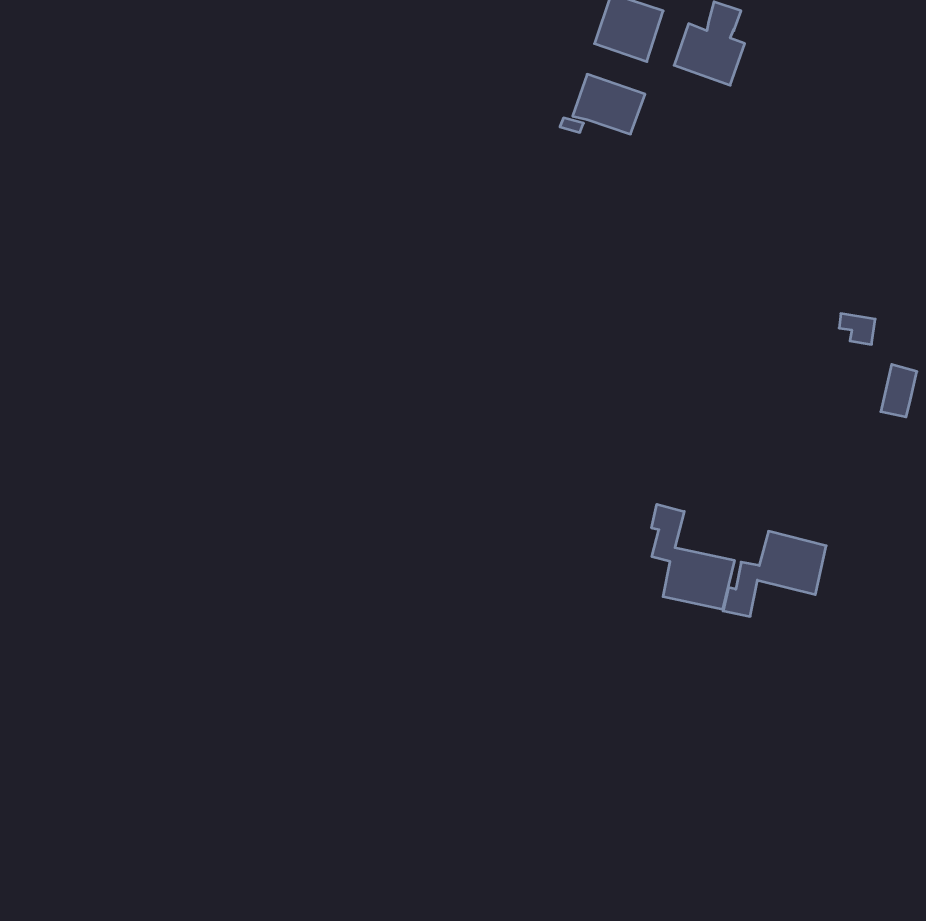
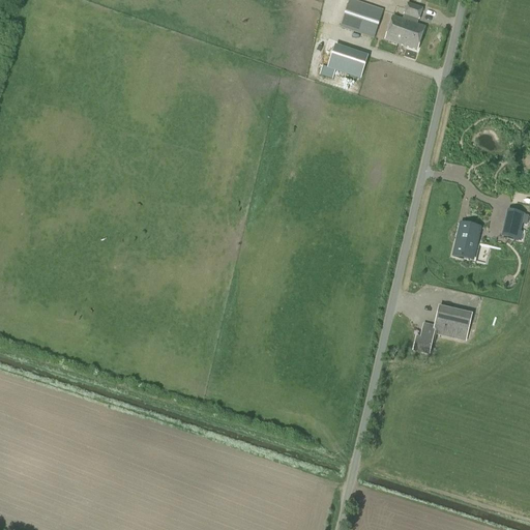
building: none -> [449,219,484,257]
building: [652,504,734,609] -> none

